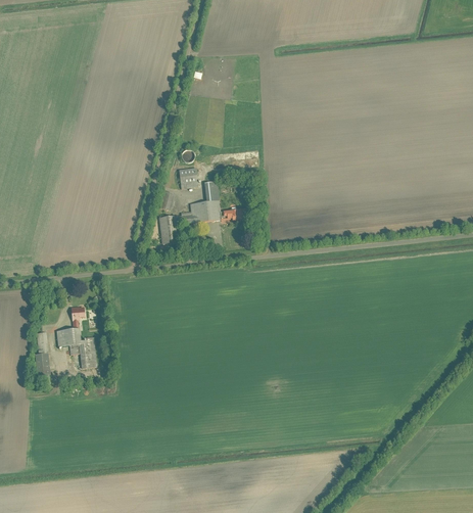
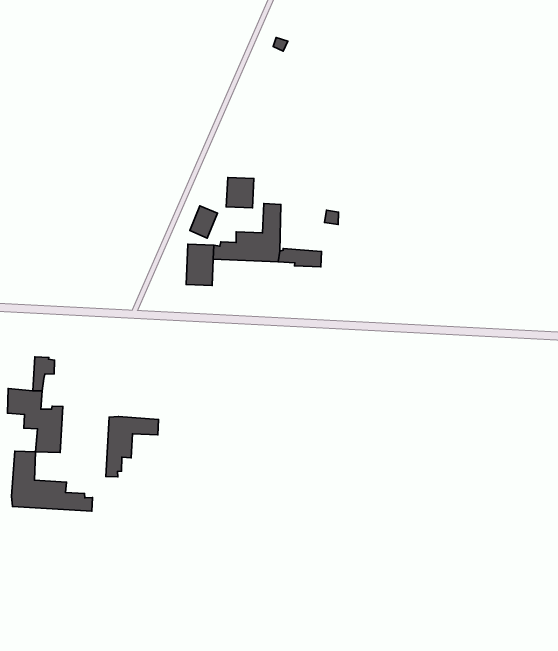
building: none -> [106,417,158,477]
building: none -> [11,451,92,511]

